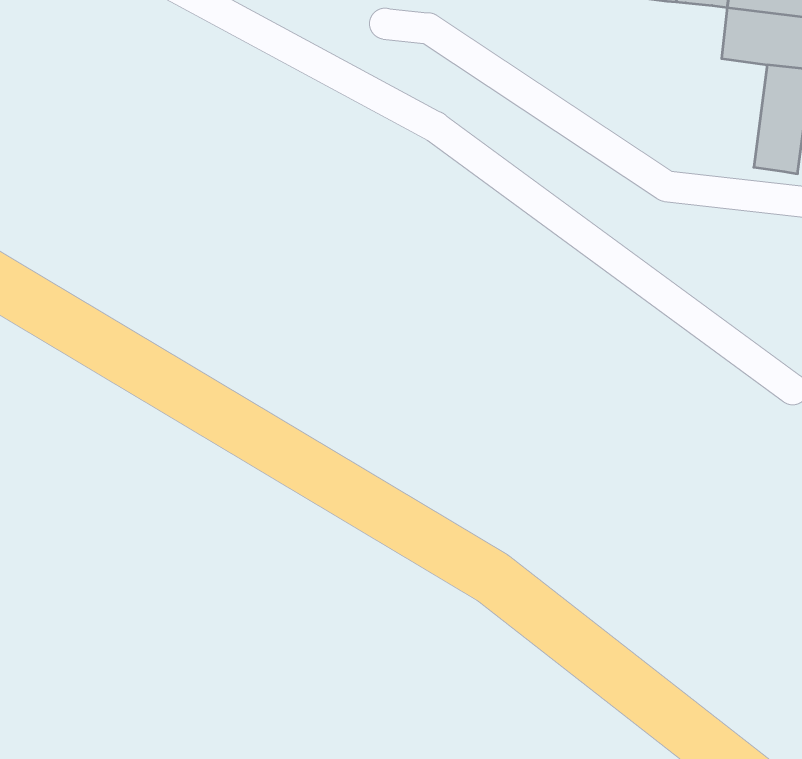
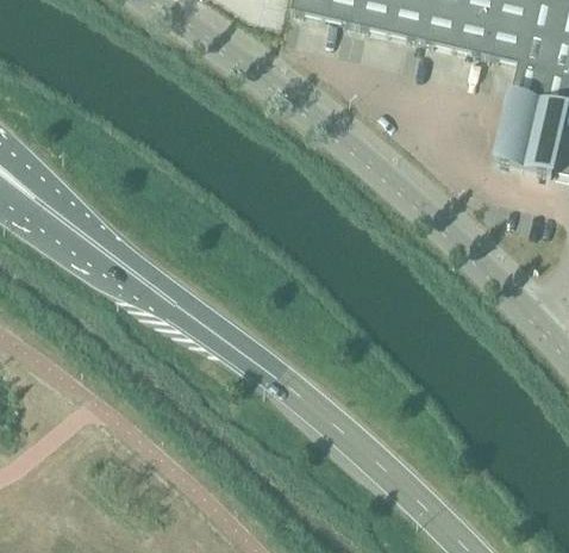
building: none -> [494,93,538,164]

